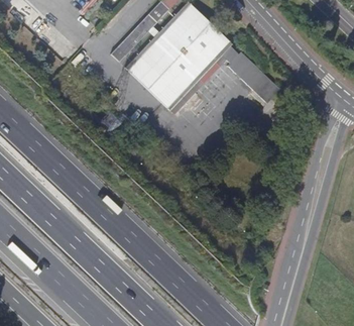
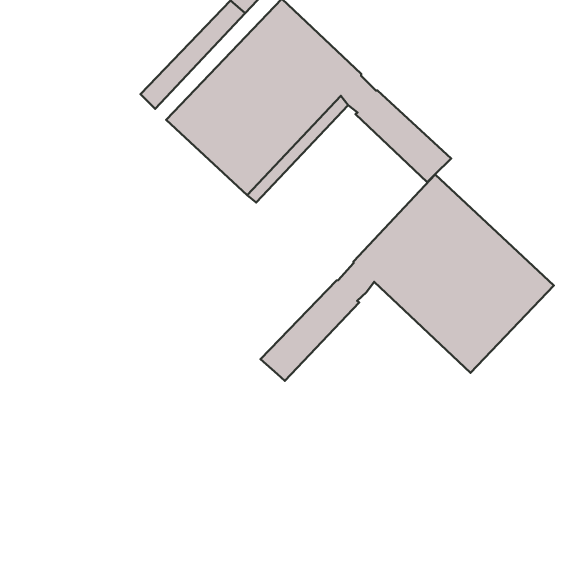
building: none -> [260,174,554,381]

